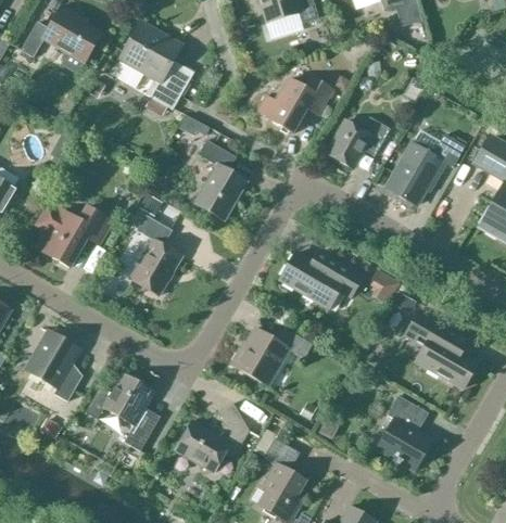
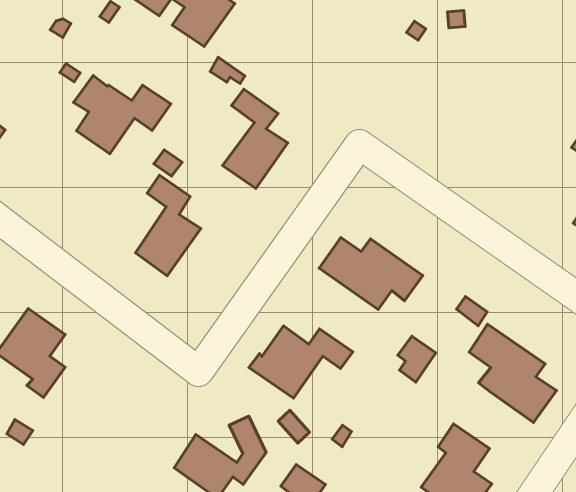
building: [256,76,332,133] -> none
building: [326,116,390,168] -> none
building: [385,129,465,205] -> none
building: [33,203,111,265] -> [74,76,171,154]
building: [370,269,401,306] -> [398,336,436,382]
building: [84,373,154,451] -> none

